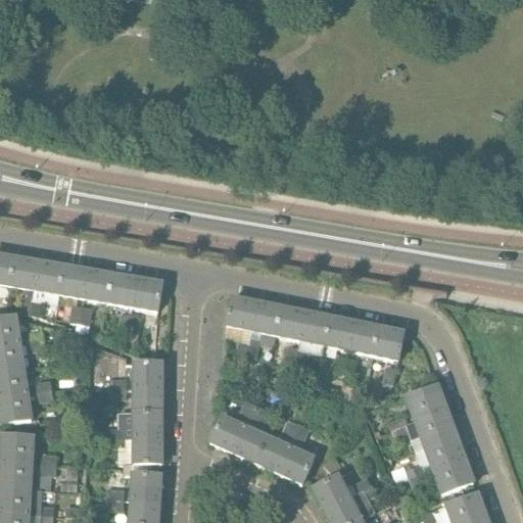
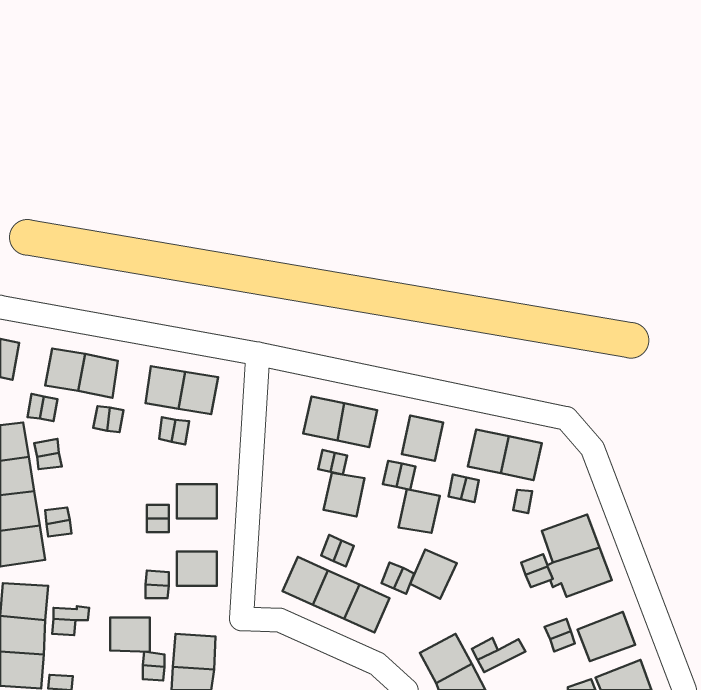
building: [9,255,39,287] -> none
building: [84,269,112,300] -> none
building: [275,305,305,338] -> [323,473,365,517]
building: [324,315,354,347] -> [399,489,440,533]
building: [132,386,161,411] -> none
building: [422,432,464,469] -> none
building: [132,436,161,462] -> [110,617,150,652]
building: [279,445,314,482] -> [410,550,457,599]

